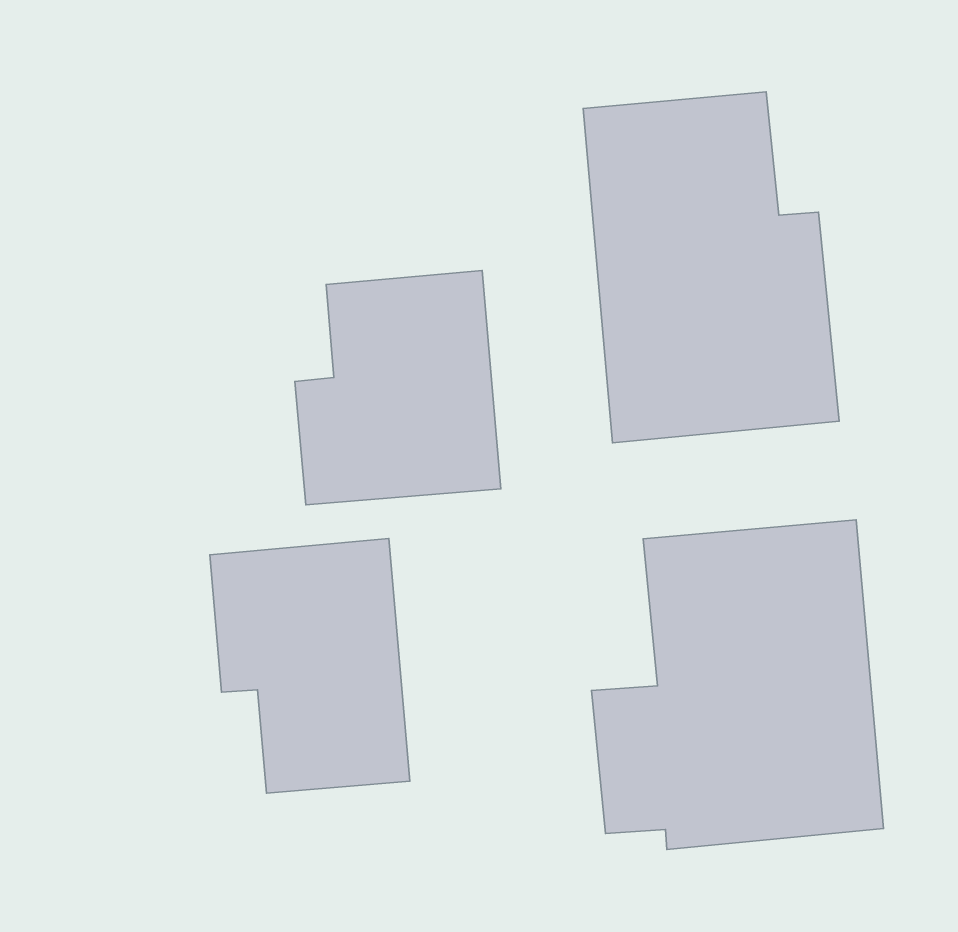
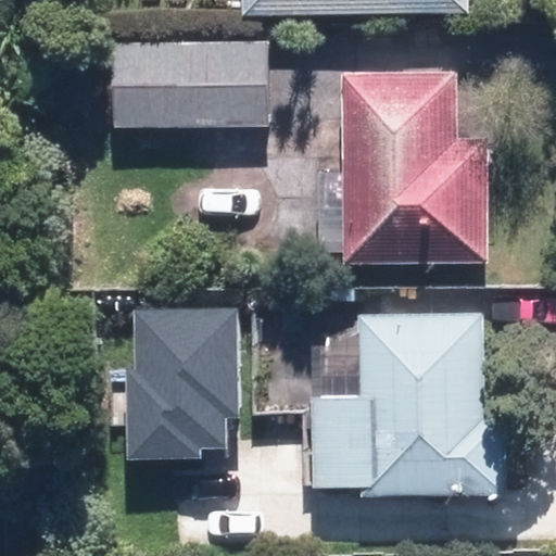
building: none -> [121,49,263,154]
building: [295,271,501,505] -> none

